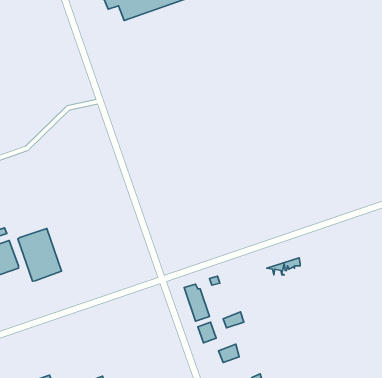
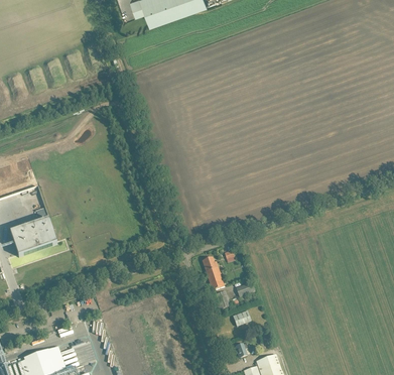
building: [18,229,62,281] -> none

